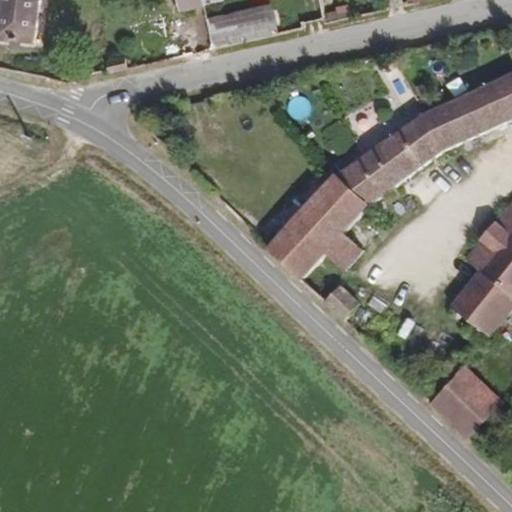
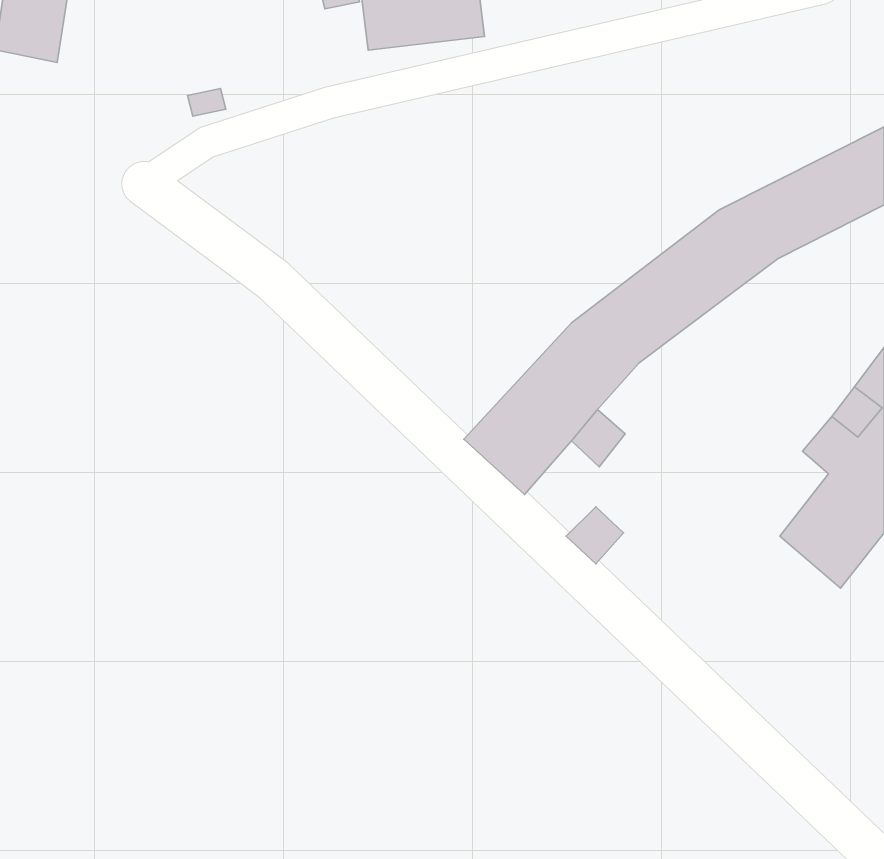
building: [429,368,500,442] -> none

